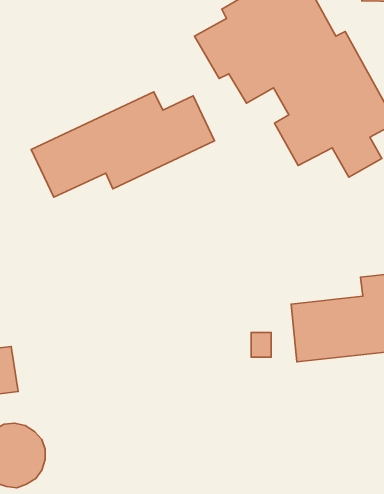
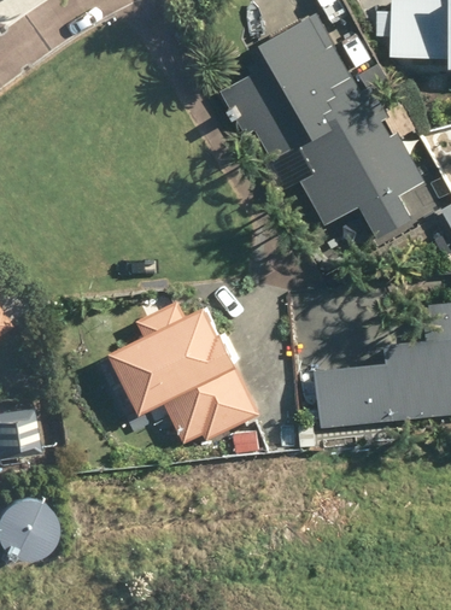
building: [31,92,214,197] -> none
building: none -> [110,305,260,445]

